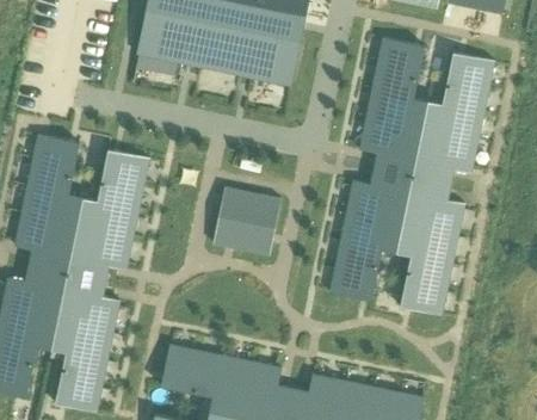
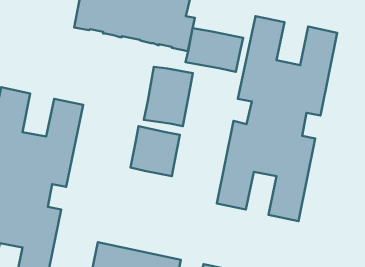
building: none -> [186,28,243,72]
building: none -> [144,67,193,126]

